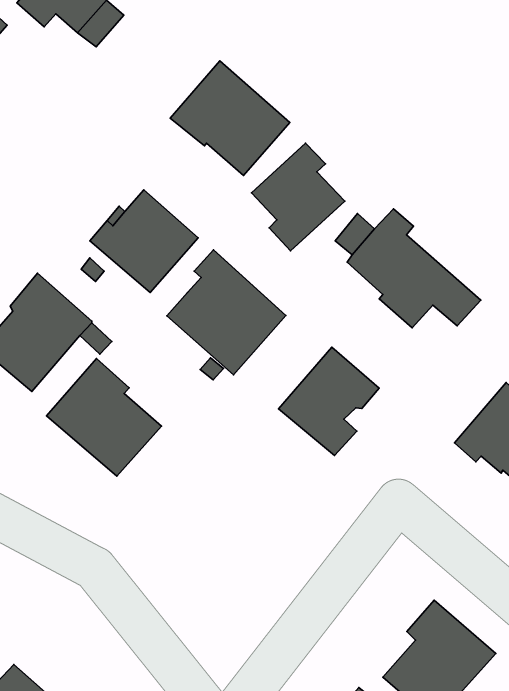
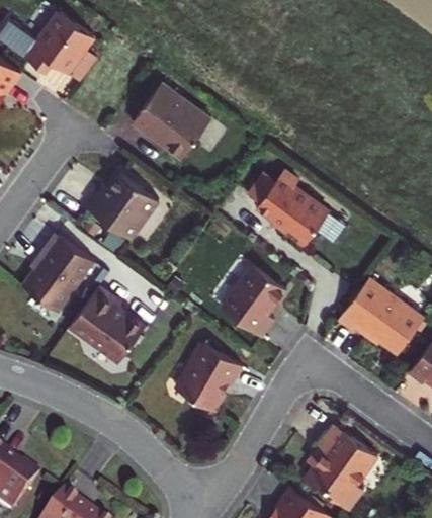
building: [251,143,345,251] -> none
building: [167,250,286,375] -> none
building: none -> [175,344,242,412]

